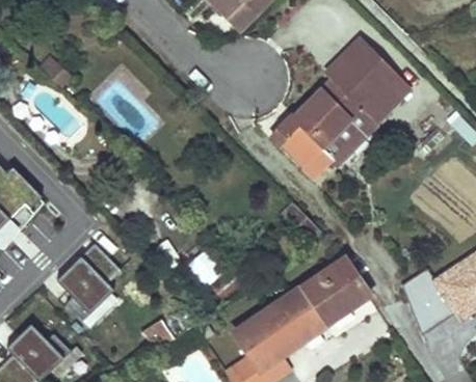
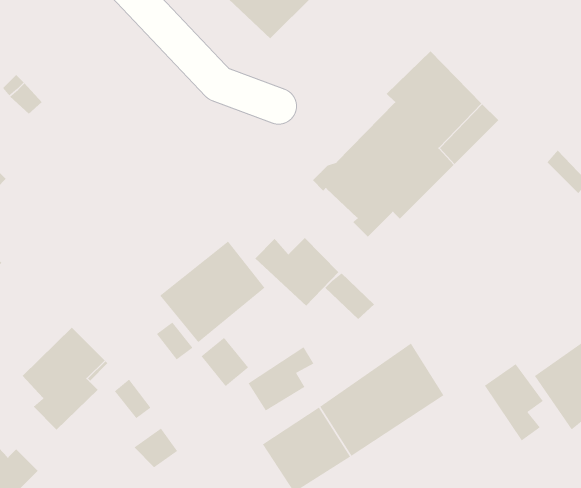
building: none -> [255,237,339,307]
building: none -> [159,240,266,343]
building: none -> [248,346,315,411]

